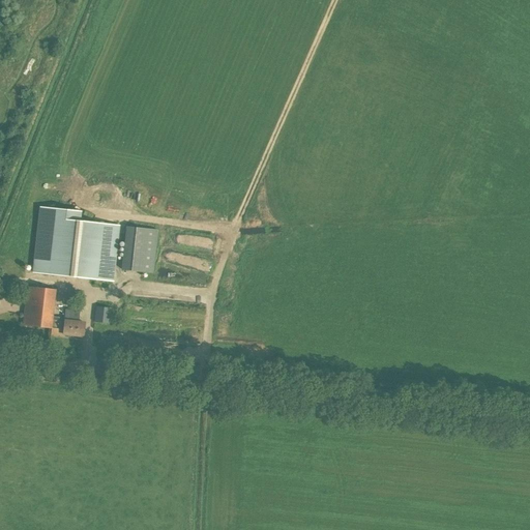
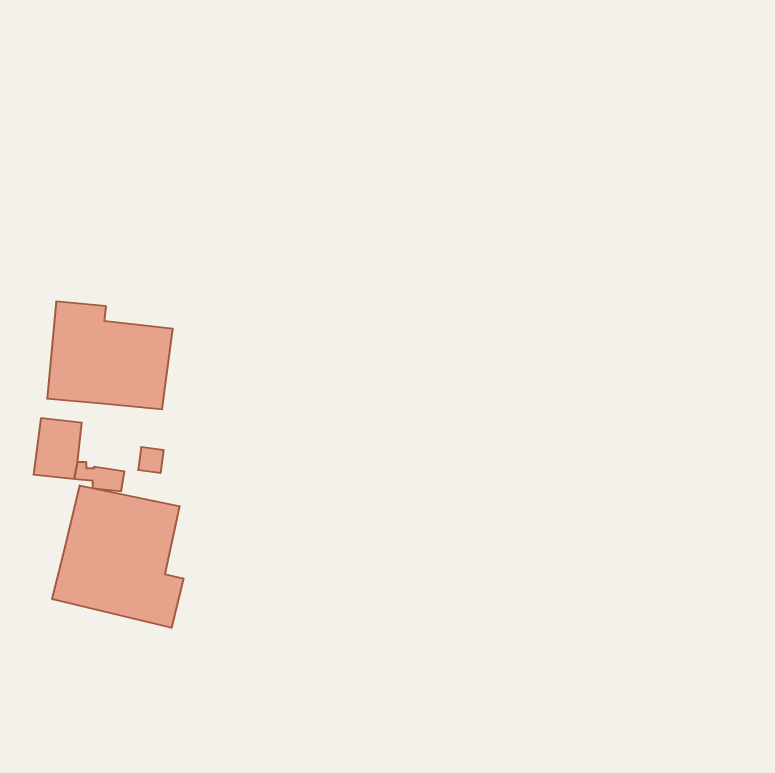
building: [121,226,158,272] -> none
building: none -> [52,485,183,628]

